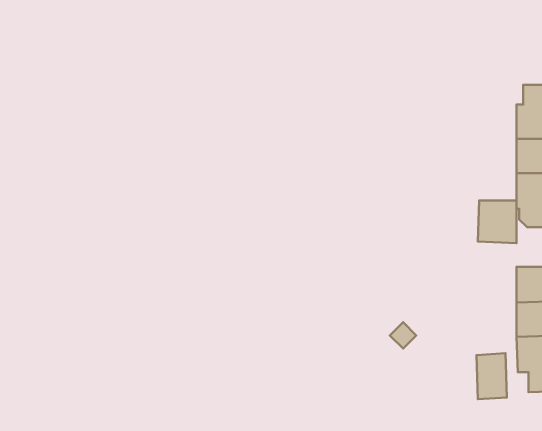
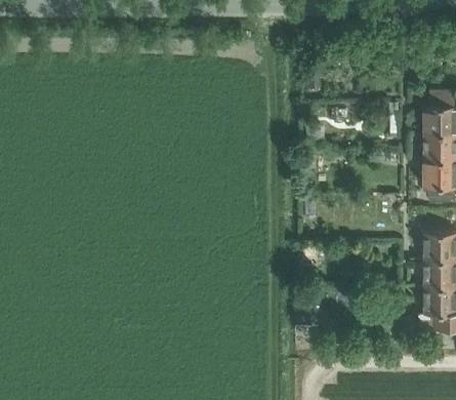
building: [478,201,517,243] -> none
building: [477,353,507,399] -> none

